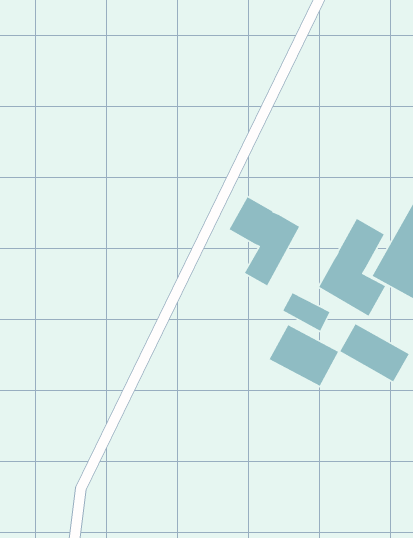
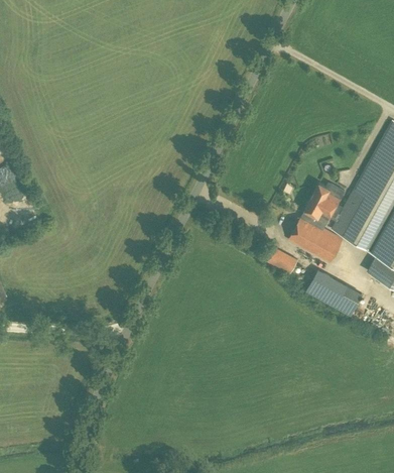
building: [229,196,300,286] -> none
building: [269,324,339,387] -> none

